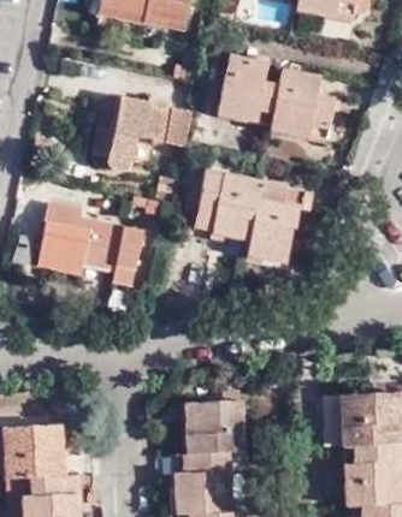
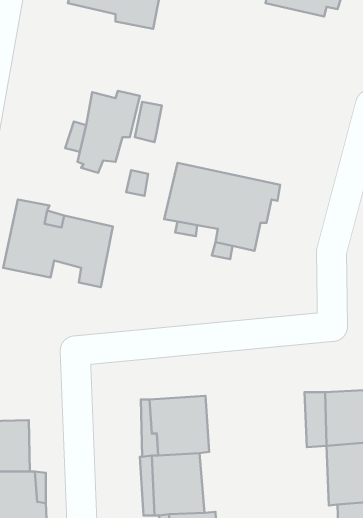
building: [215,50,333,141] -> none

